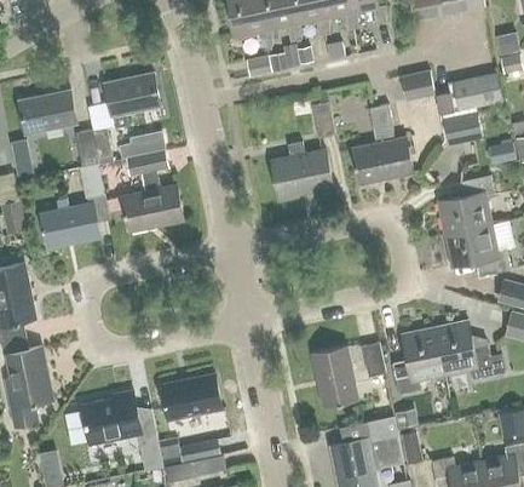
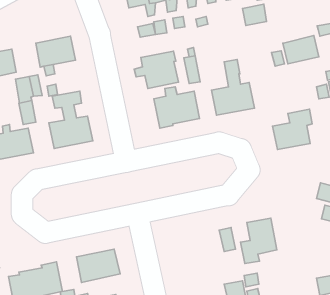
building: [399,68,433,98] -> [242,4,266,26]
building: none -> [134,51,178,89]
building: [443,111,480,144] -> none
building: [444,224,508,276] -> none
building: [433,322,503,379] -> none
building: [312,346,358,407] -> none

